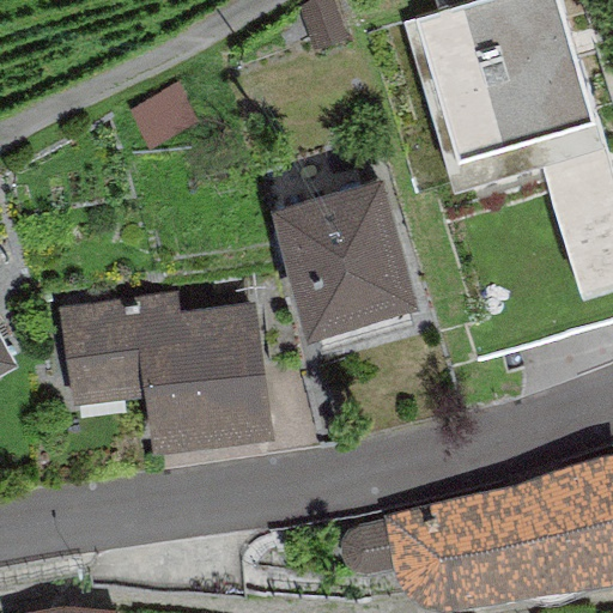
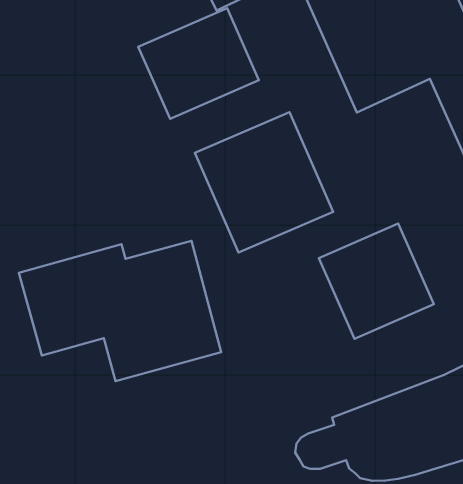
building: none -> [138,8,259,119]
building: none -> [319,224,434,339]

